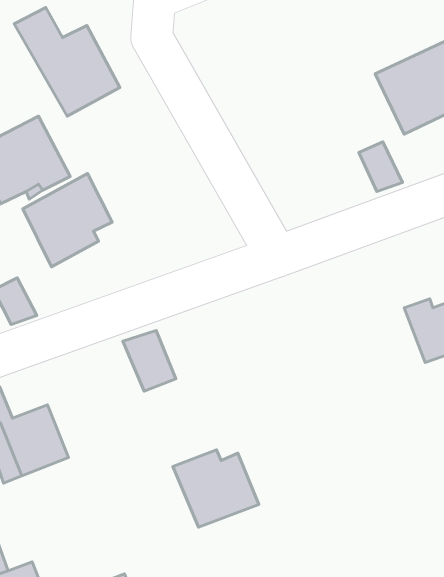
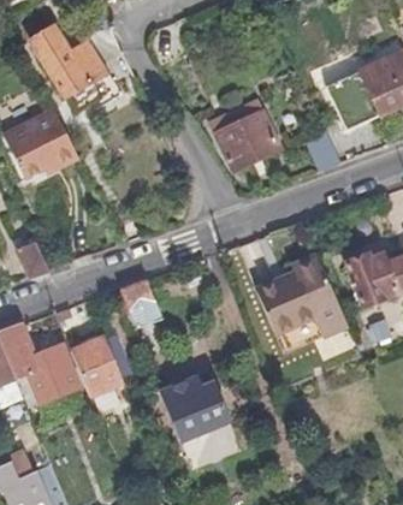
building: none -> [214,108,280,171]
building: [23,173,112,267] -> none
building: none -> [260,256,348,352]
building: none -> [71,333,124,393]

